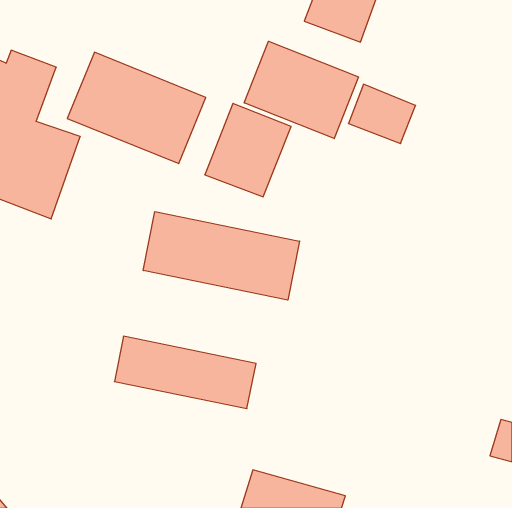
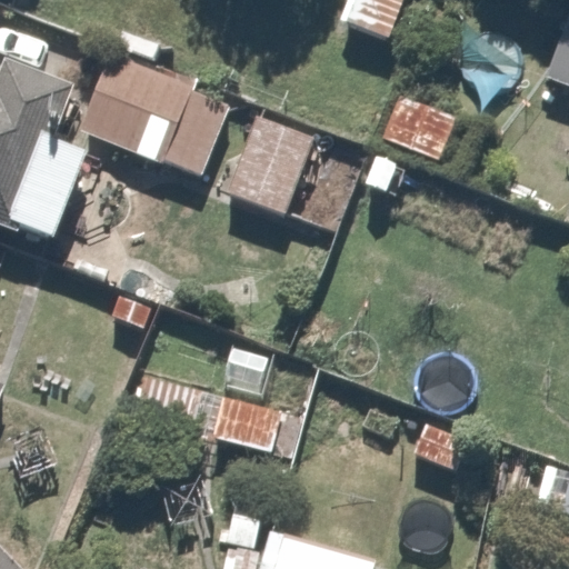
building: [244,41,358,139] -> none
building: [143,212,300,300] -> none

